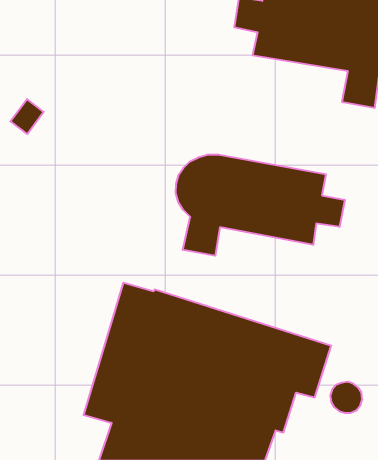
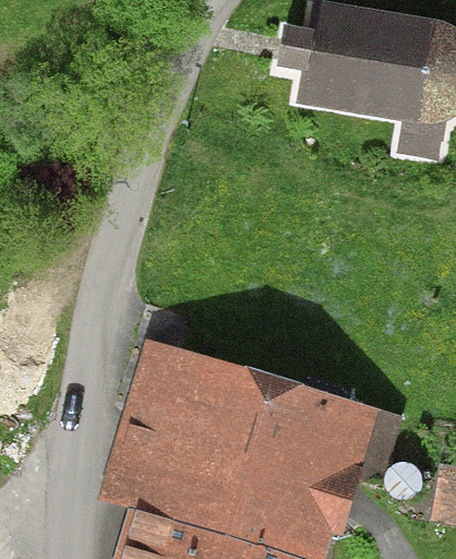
building: [176,154,345,256] -> none

